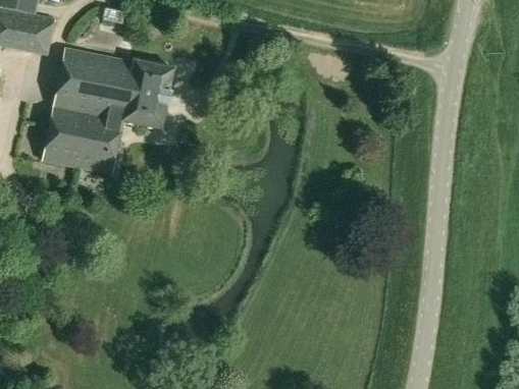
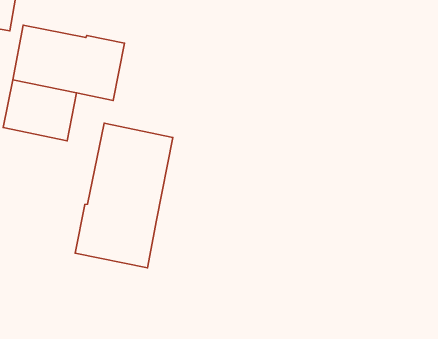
building: none -> [75,123,173,268]

